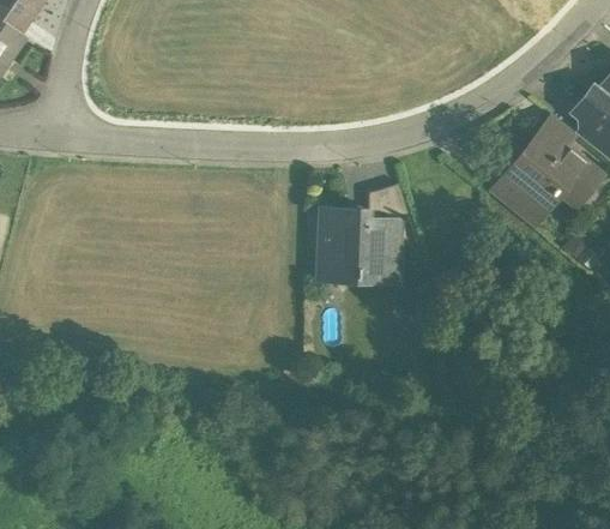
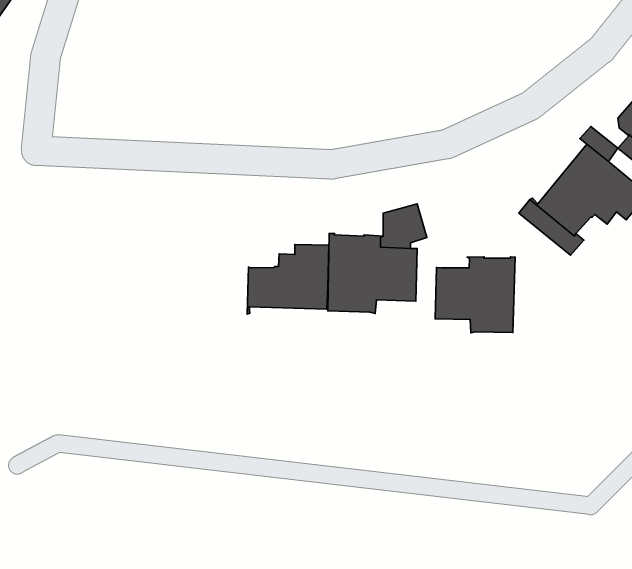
building: none -> [247,244,329,314]
building: none -> [435,257,515,333]

